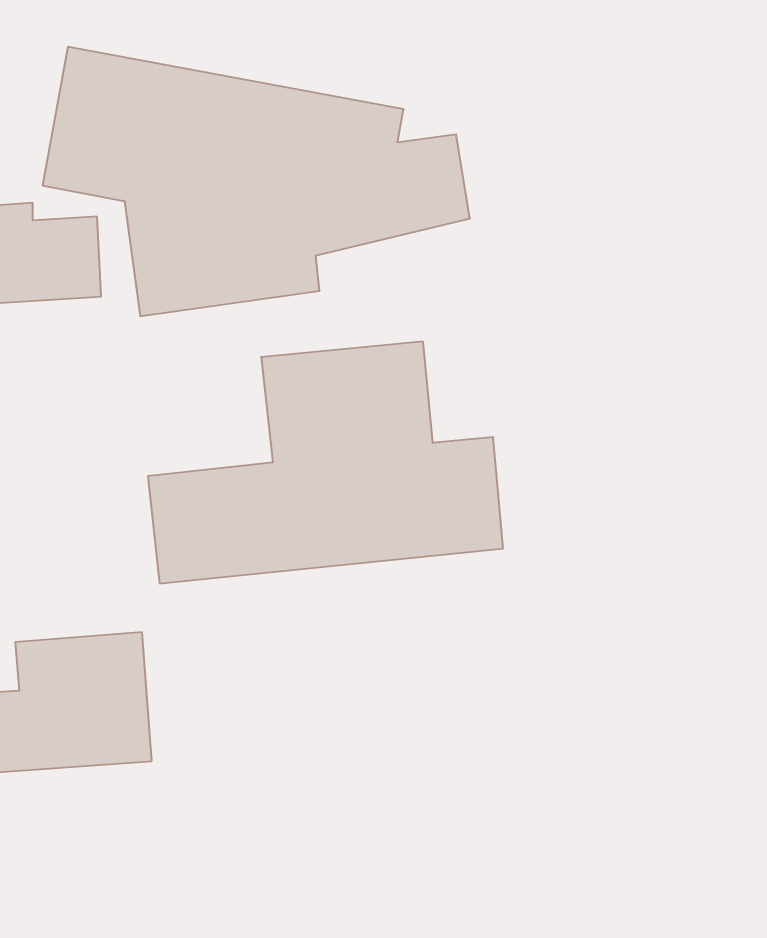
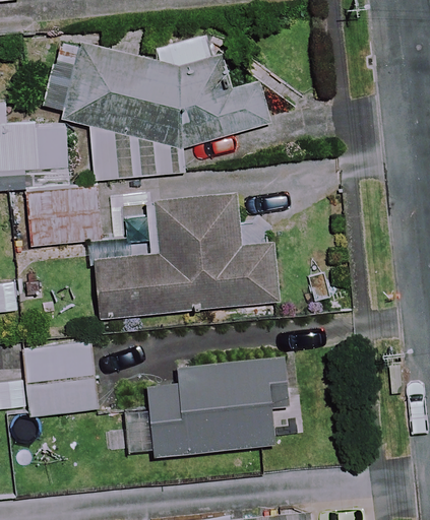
building: none -> [27,190,97,245]
building: none -> [131,356,289,456]

